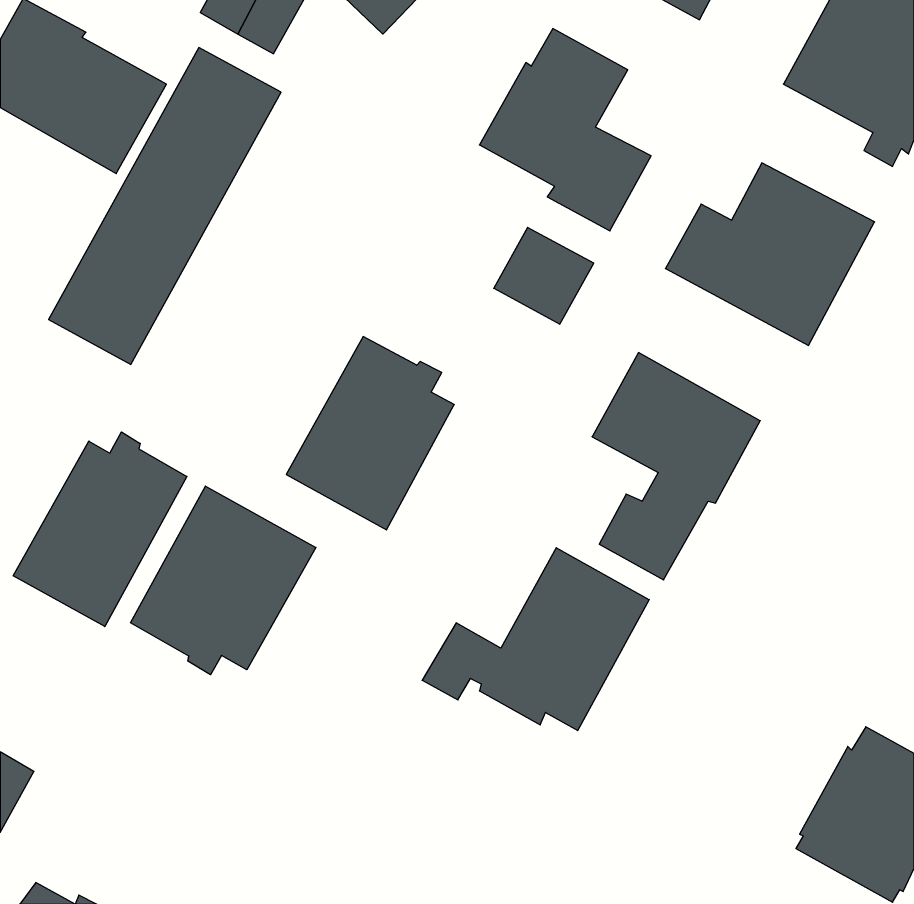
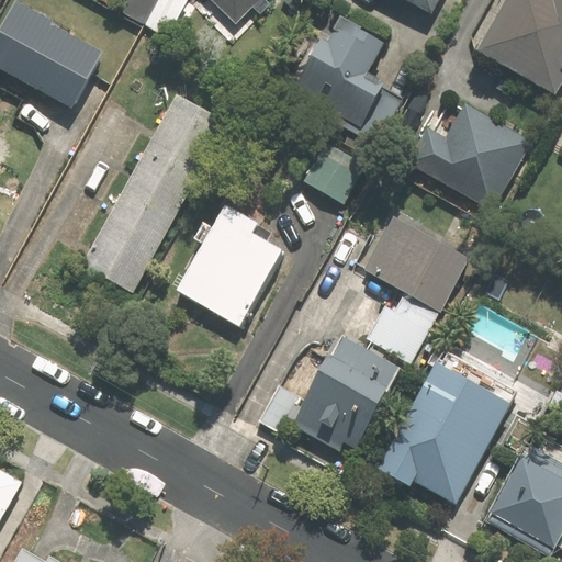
building: [49,48,281,364] -> [82,93,225,288]
building: [13,432,187,627] -> none
building: [131,486,316,675] -> none
building: none -> [378,371,496,503]

